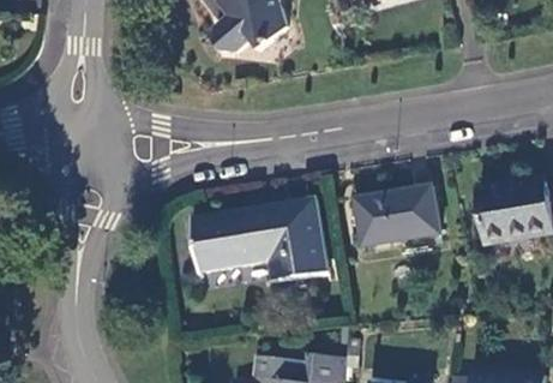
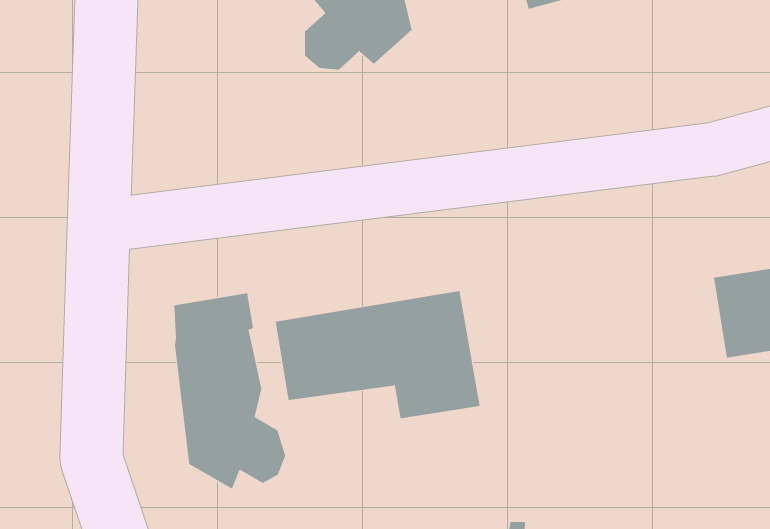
building: [356,186,438,245] -> none
building: none -> [174,293,286,490]

